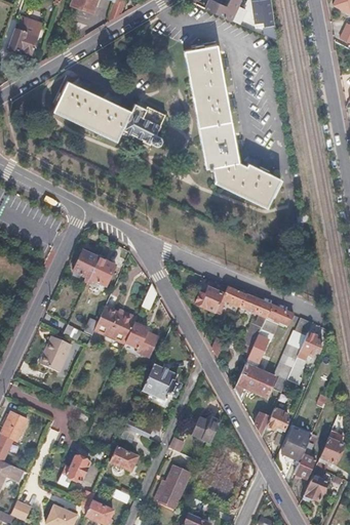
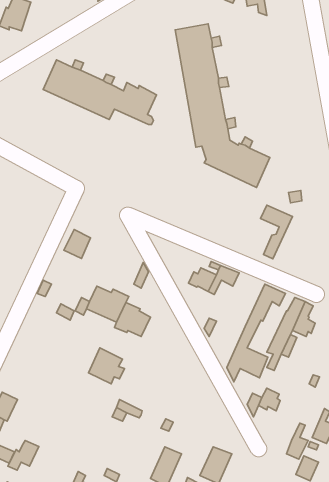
building: [90,258,116,287] -> none
building: [241,293,273,347] -> [261,205,292,259]
building: [41,335,74,371] -> none
building: [143,365,179,401] -> [89,348,125,384]
building: [191,418,219,443] -> none
building: [282,428,312,460] -> none
building: [110,447,138,472] -> none
building: [57,456,88,486] -> [8,440,39,470]

